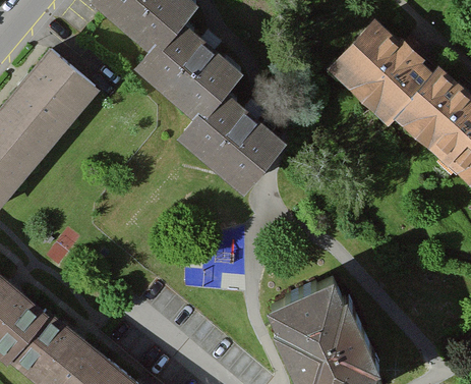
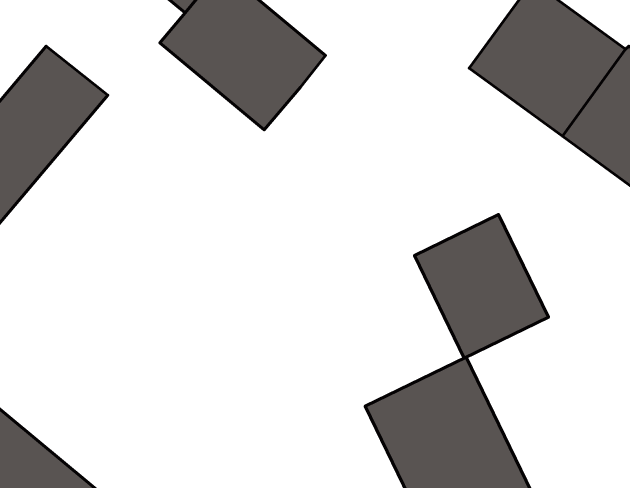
building: [180,90,280,187] -> none
building: none -> [414,214,548,358]

